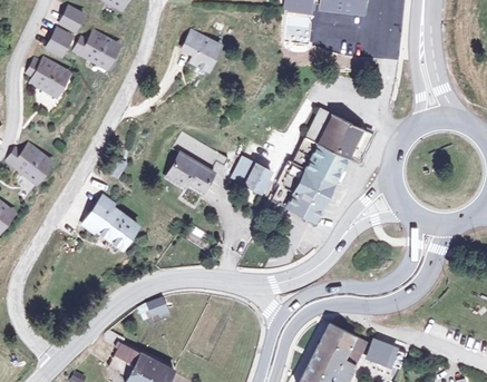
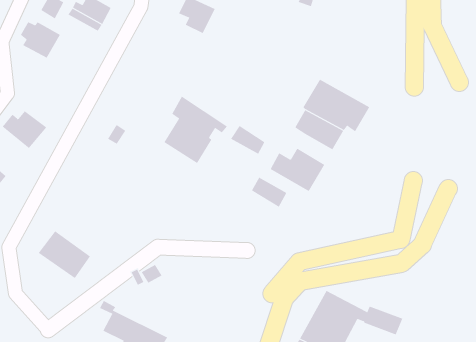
building: [300,168,335,198] -> [251,177,287,207]
building: [85,199,137,247] -> [38,230,91,279]

